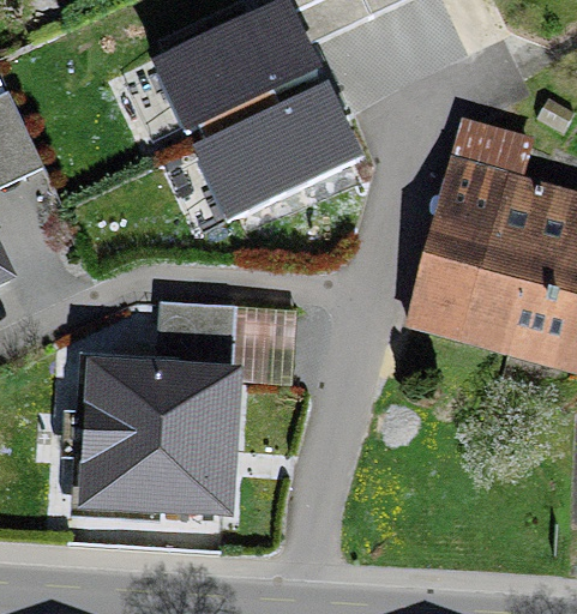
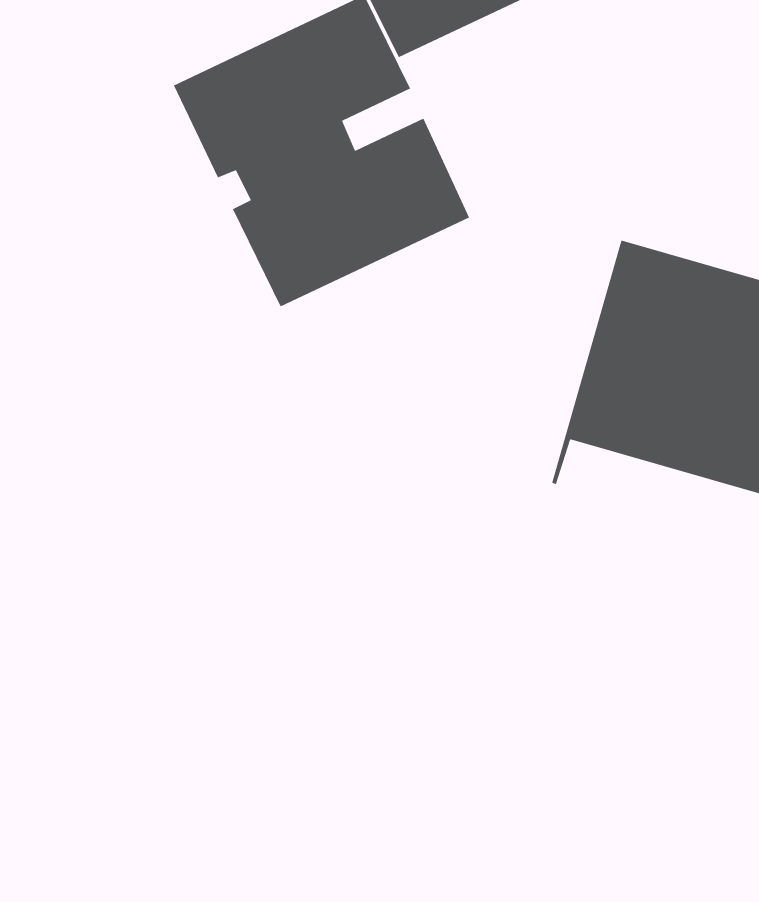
building: [91,303,233,516] -> none

